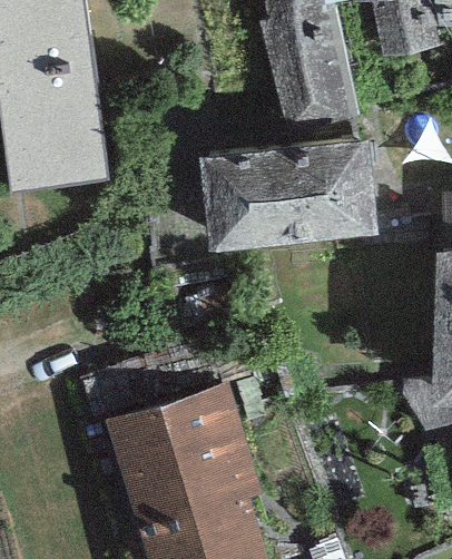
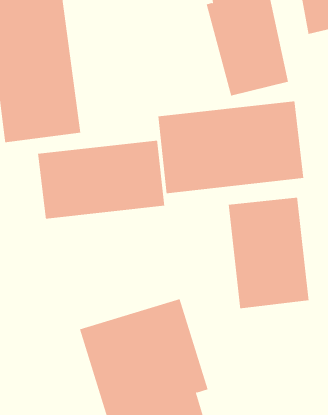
building: none -> [38,140,165,220]
building: none -> [228,197,309,309]

